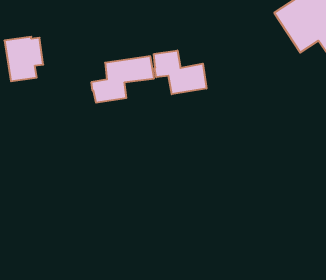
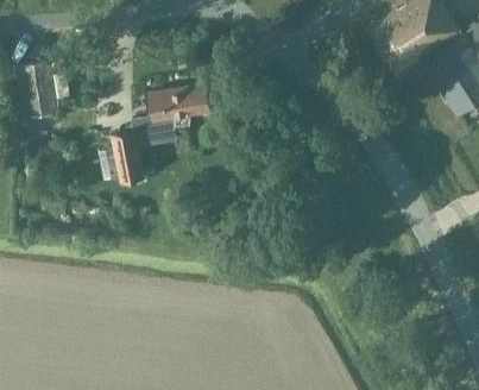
building: [154,50,206,94] -> none
building: none -> [113,128,144,182]

